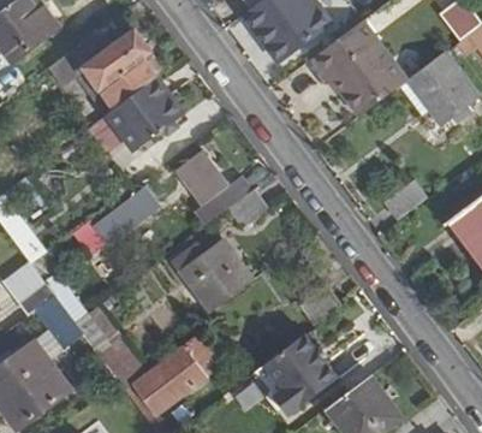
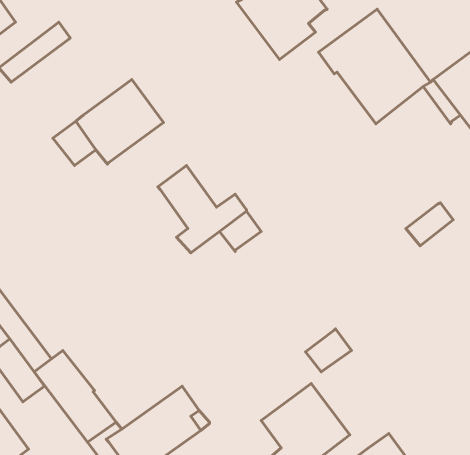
building: [84,30,155,108] -> none
building: [95,188,159,243] -> none
building: [172,238,255,314] -> none

